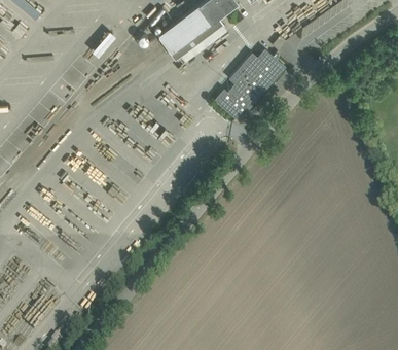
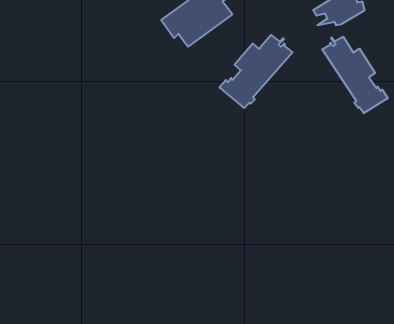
building: none -> [322,37,388,113]

